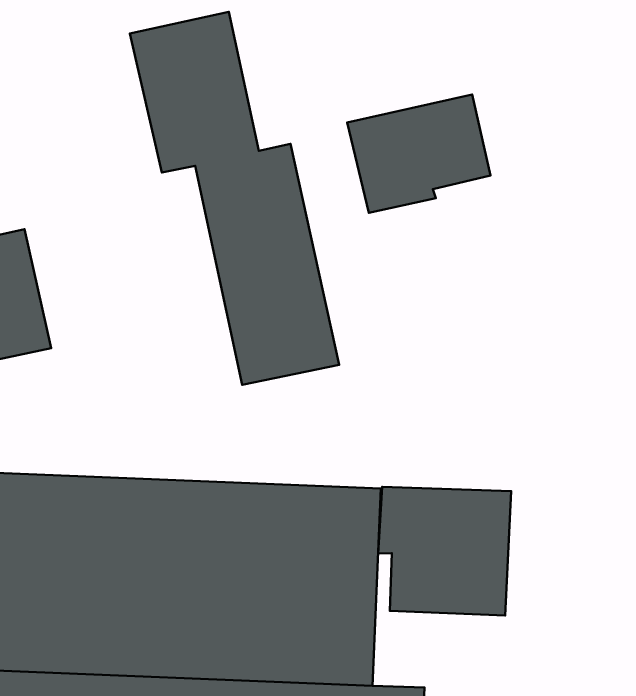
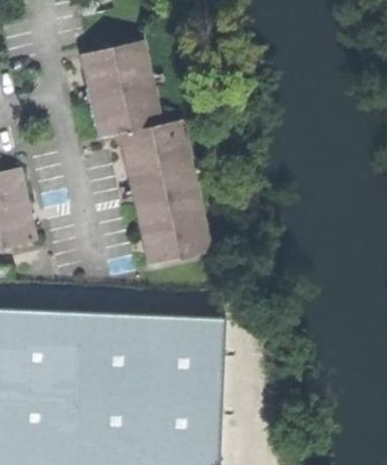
building: [347,95,491,213] -> none
building: [378,487,511,616] -> none

